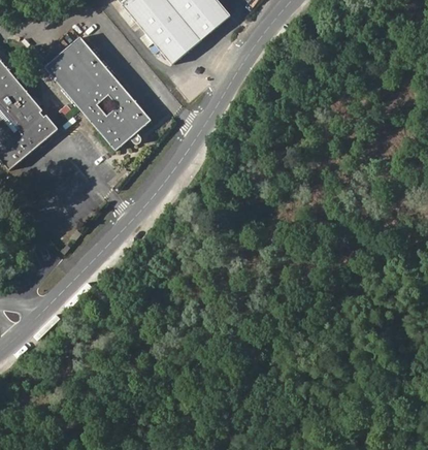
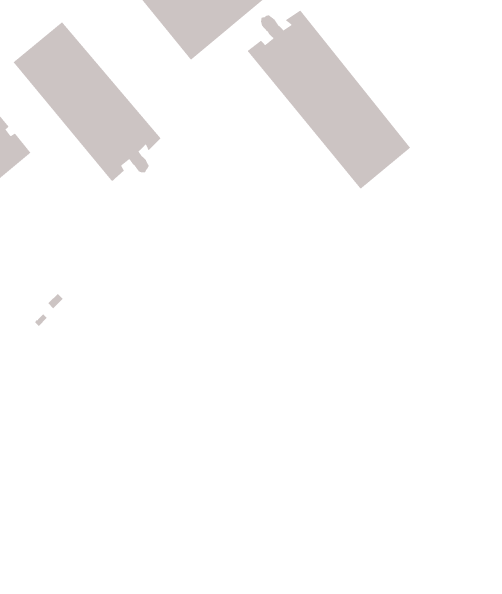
building: none -> [247,10,411,190]

